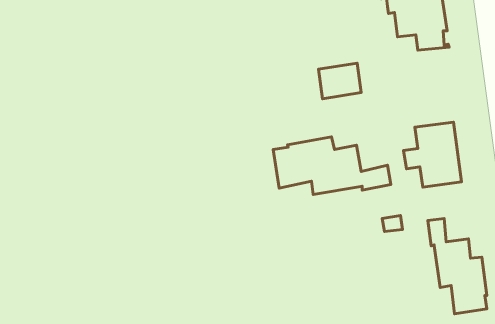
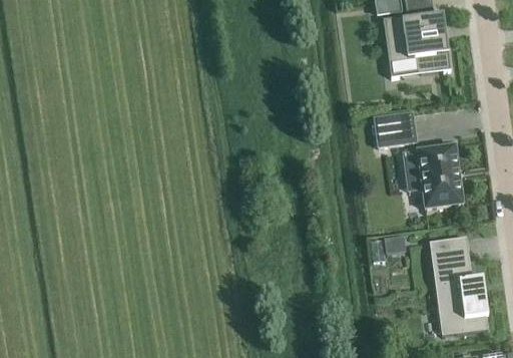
building: [319,63,361,99] -> [373,111,415,146]
building: [273,137,391,195] -> none

